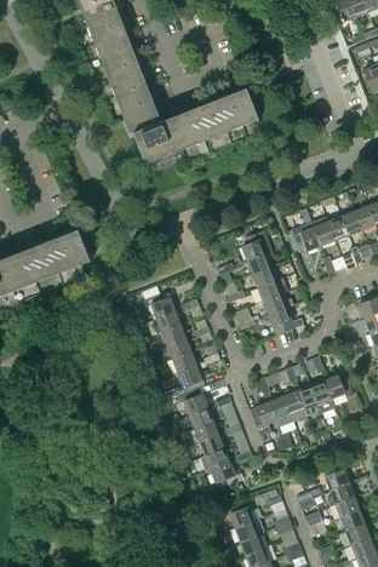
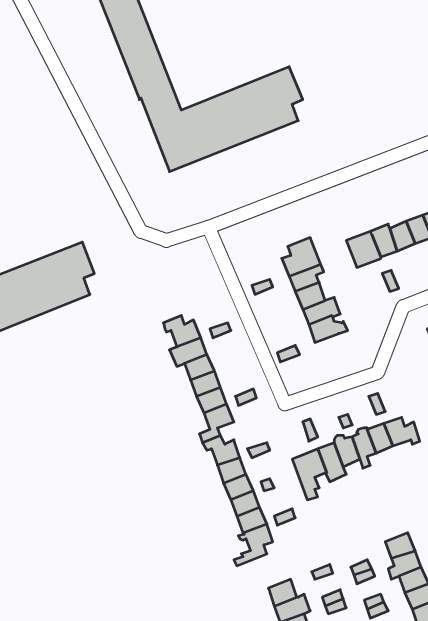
building: [264,307,303,334] -> none

